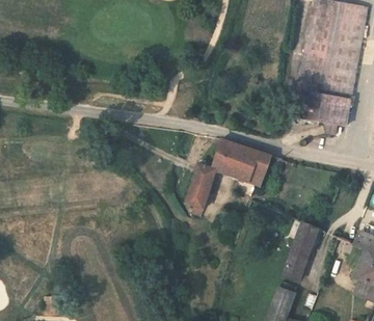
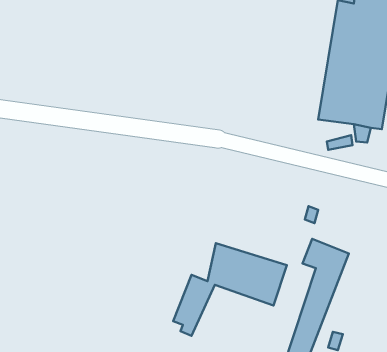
building: [183,137,279,216] -> [173,243,287,336]

